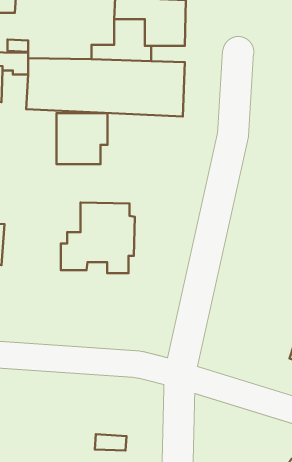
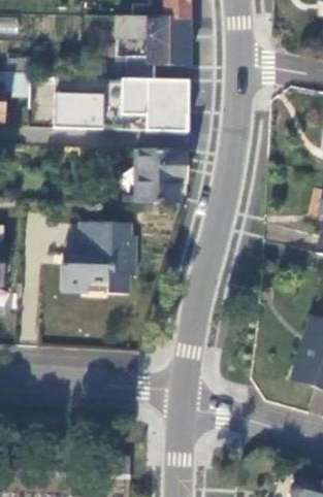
building: [56,113,108,164] -> [136,152,188,203]

